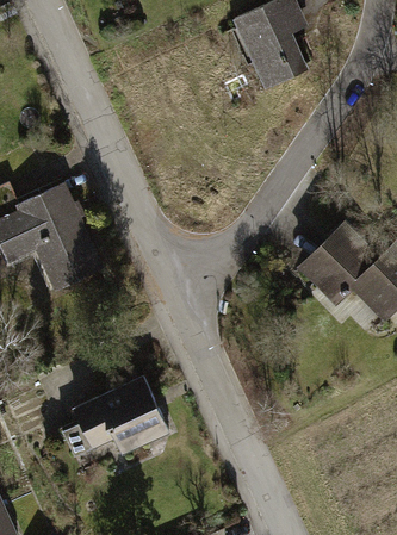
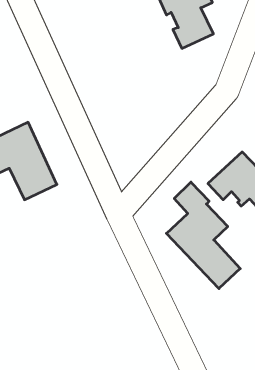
building: none -> [166,182,240,289]
building: [73,378,168,454] -> none

